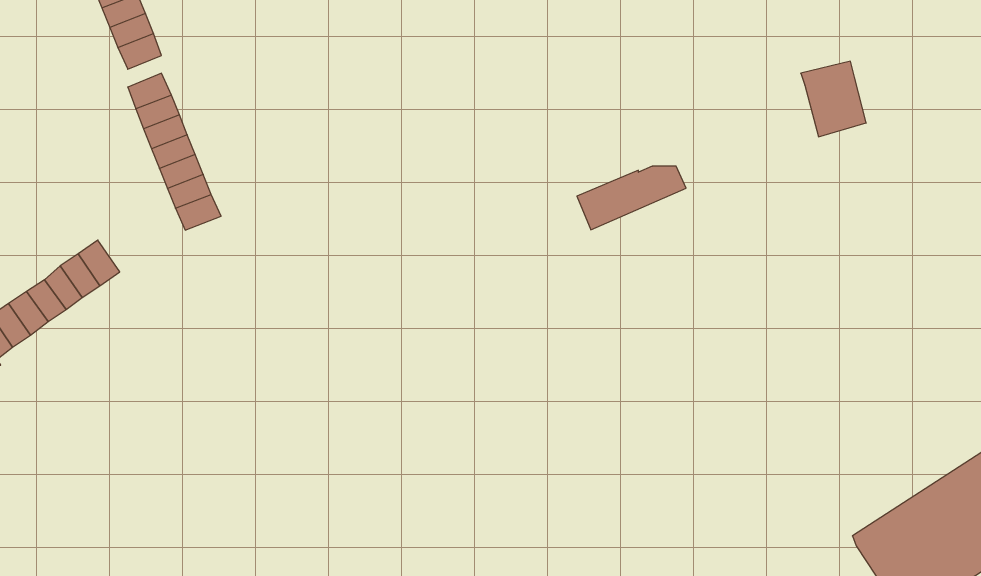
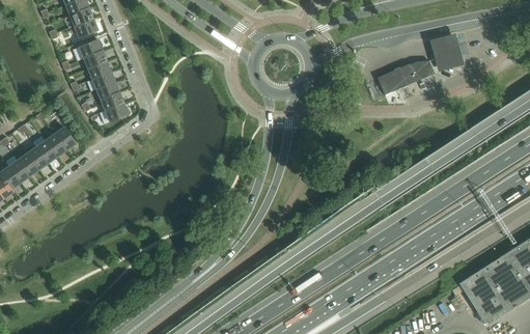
building: [577,166,686,230] -> [378,62,435,95]

